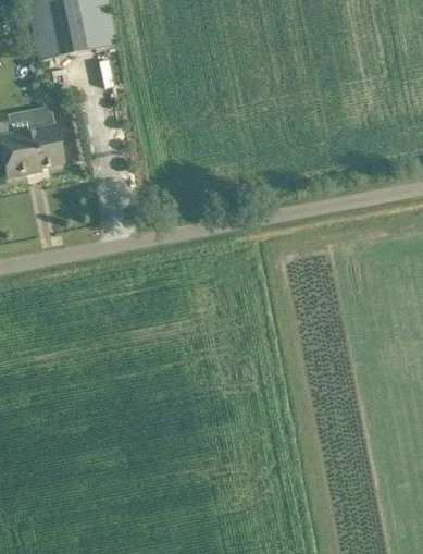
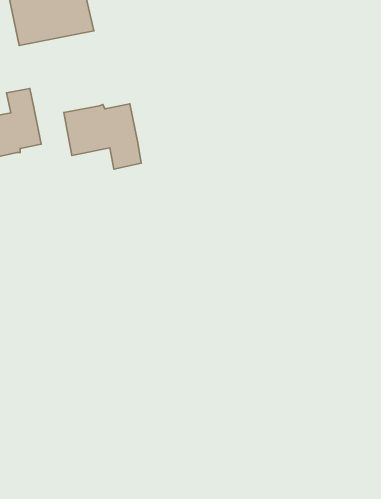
building: none -> [64,104,141,169]

